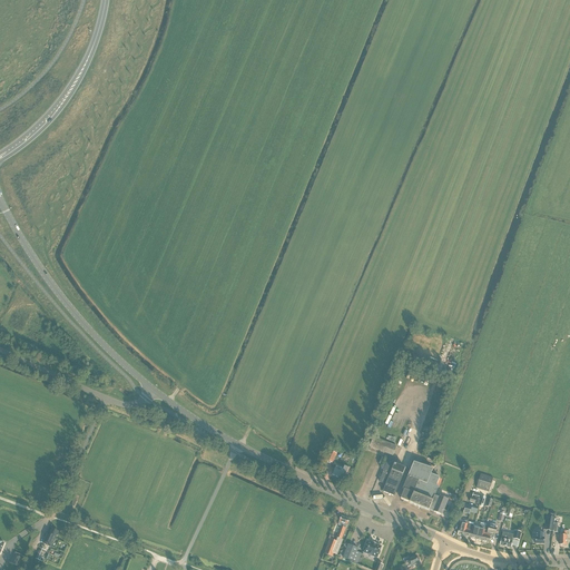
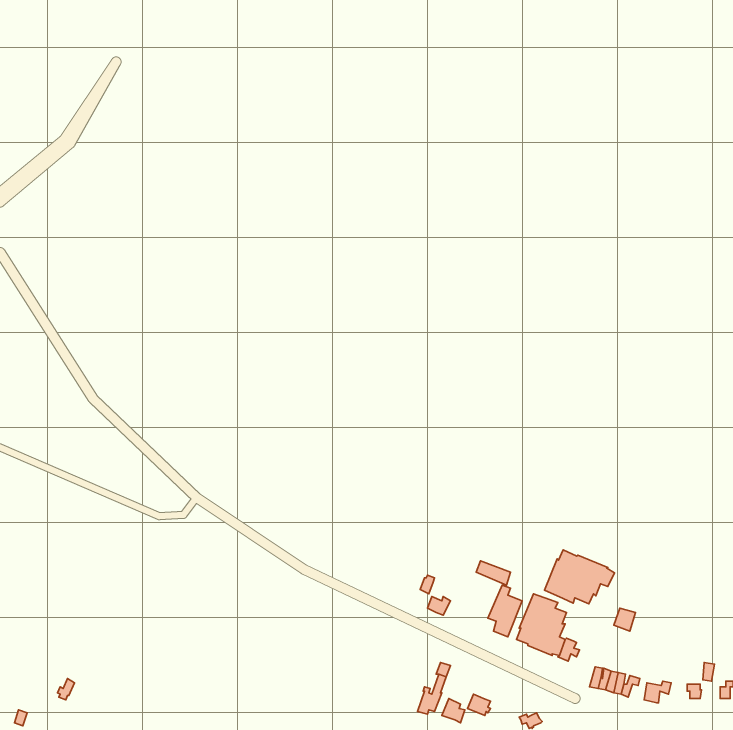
building: none -> [545,550,614,604]

